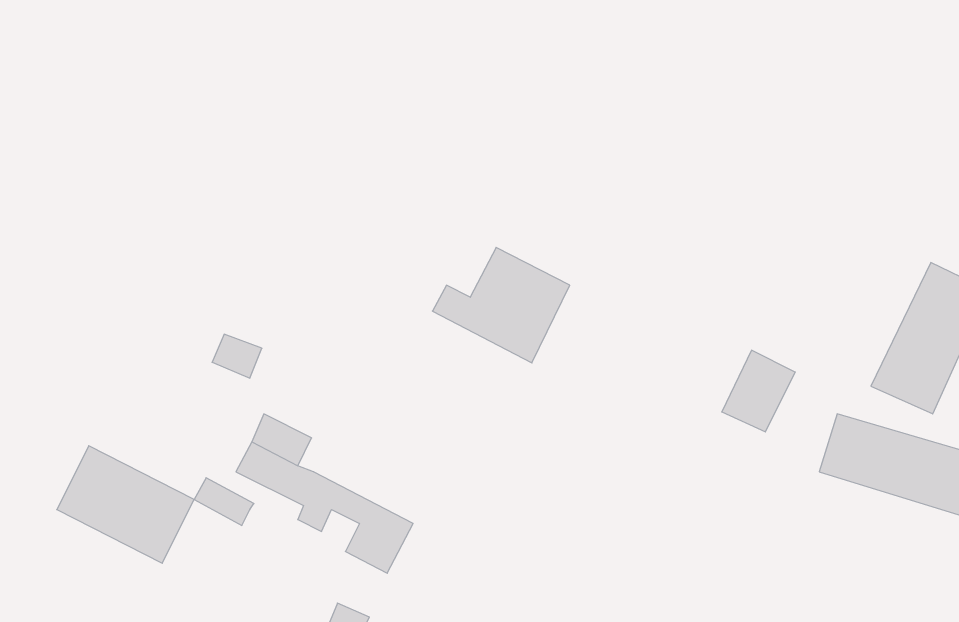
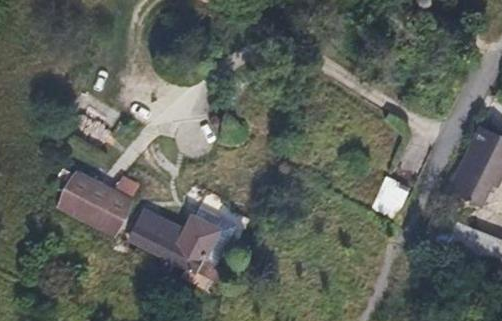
building: [432,247,570,363] -> [169,205,238,263]
building: [57,446,194,563] -> [61,173,130,232]

